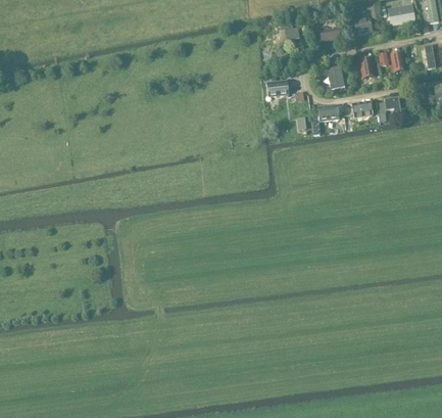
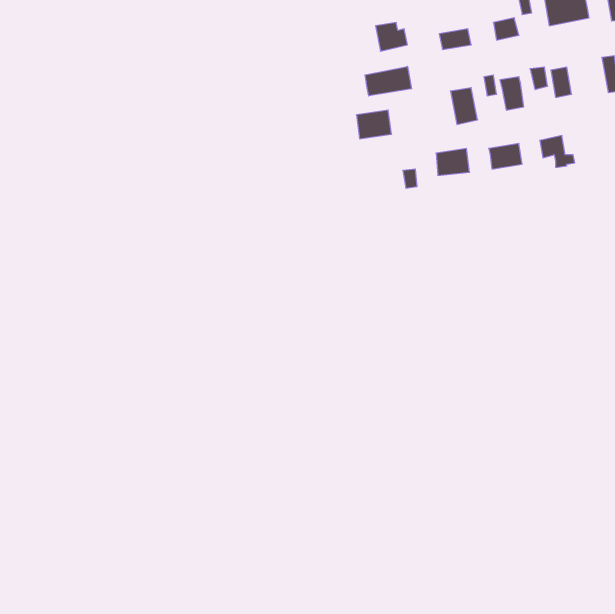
building: none -> [365,66,412,96]

